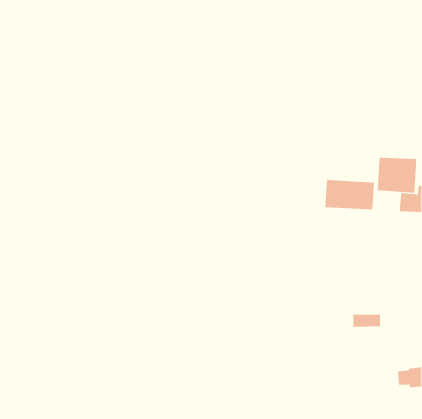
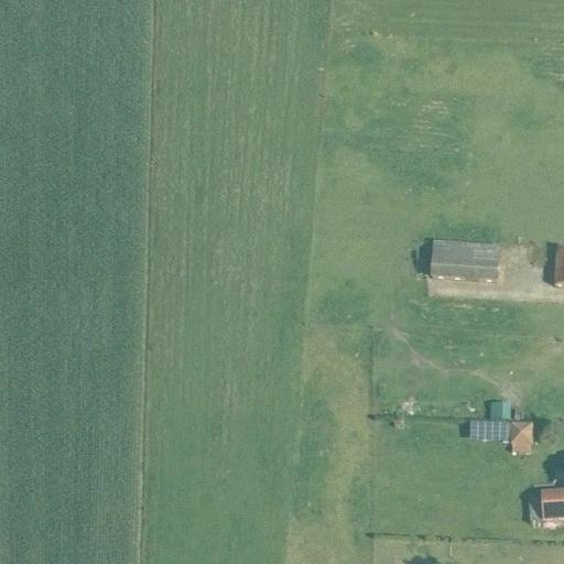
building: [377,157,417,194] -> none
building: none -> [508,420,532,451]

